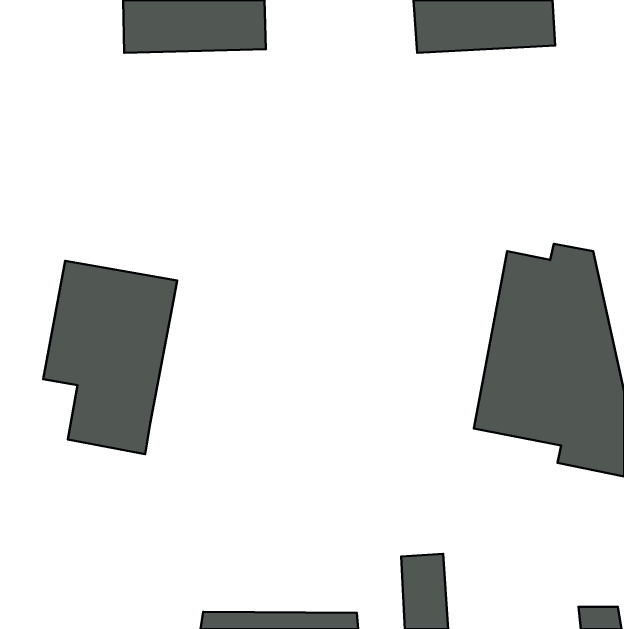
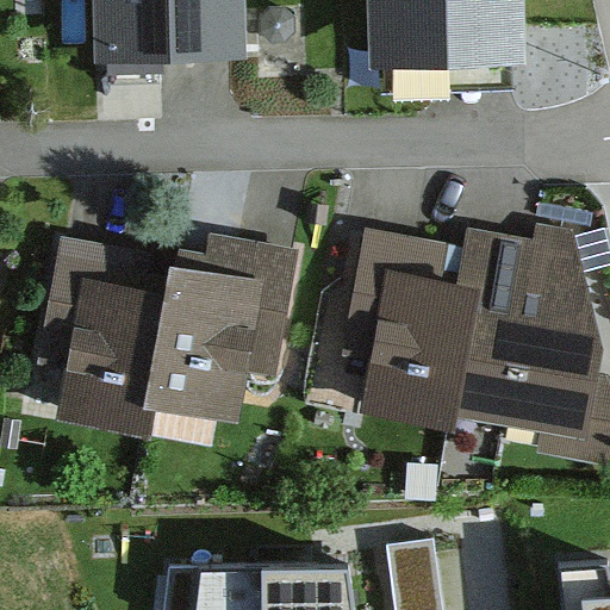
building: none -> [343,238,491,427]
building: none -> [145,249,286,425]

